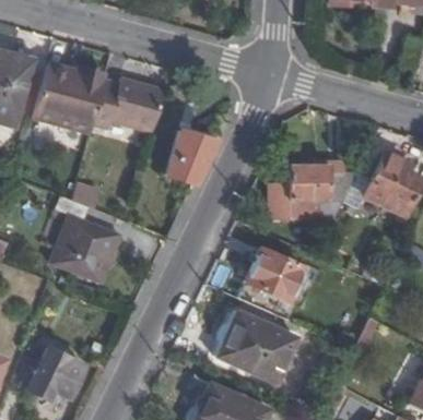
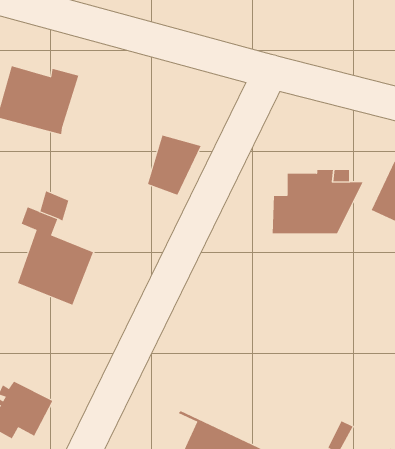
building: [93,79,166,132] -> none
building: [240,248,305,320] -> none
building: [216,310,296,382] -> none

